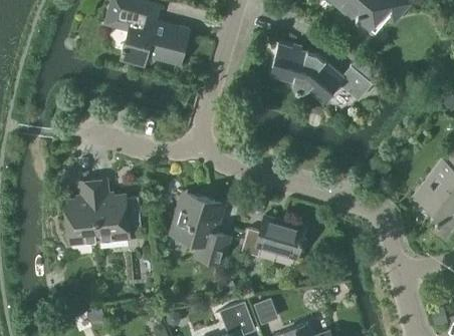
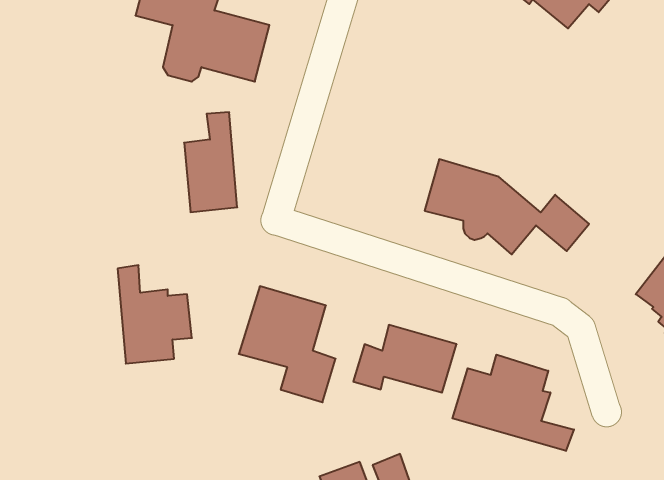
building: [269,43,372,102] -> [425,159,589,254]
building: [66,182,99,244] -> [184,112,237,212]
building: none -> [452,355,574,451]

